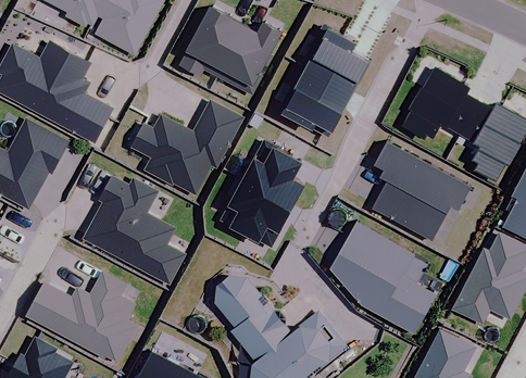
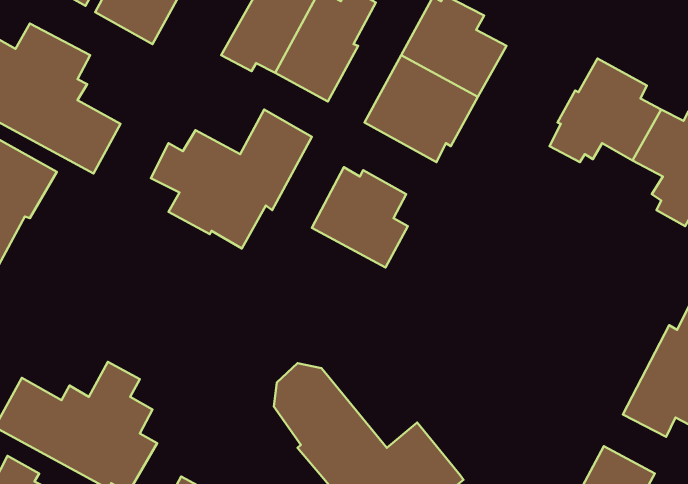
building: [372,142,468,240] -> none
building: [84,176,184,285] -> none
building: [220,181,291,247] -> none
building: [333,224,435,336] -> none

